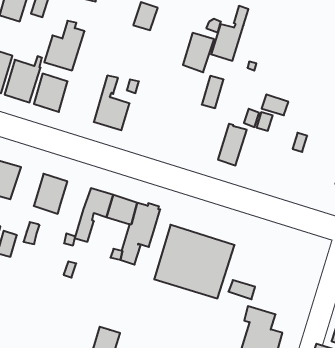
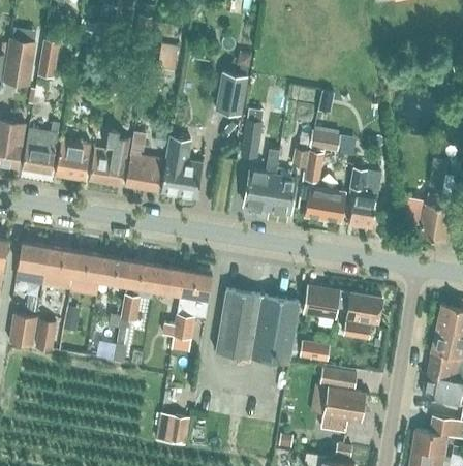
building: [211,6,248,61] -> [244,149,279,211]
building: [44,21,85,70] -> [89,131,129,186]
building: none -> [160,137,203,198]
building: none -> [348,172,381,227]
building: none -> [304,187,345,223]
building: none -> [43,248,76,289]
building: none -> [100,257,131,286]
building: none -> [303,286,381,340]

